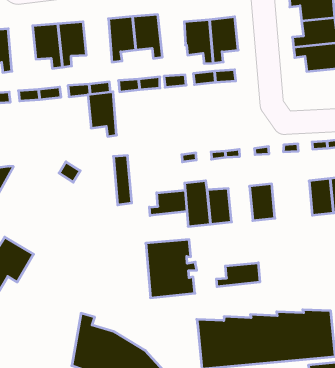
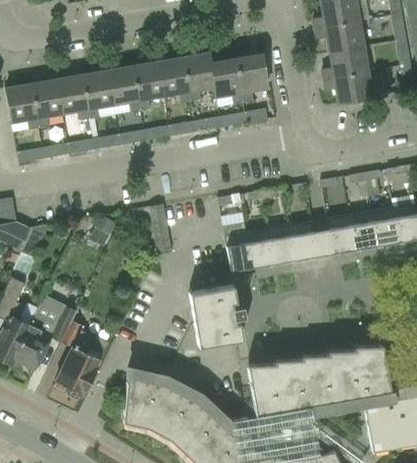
building: none -> [183,53,213,101]
building: none -> [32,80,62,127]
building: [88,92,117,136] -> [107,66,140,112]
building: none -> [327,215,356,253]
building: none -> [268,225,296,263]
building: [149,190,187,216] -> none
building: none -> [55,312,109,397]
building: [216,263,260,287] -> none

